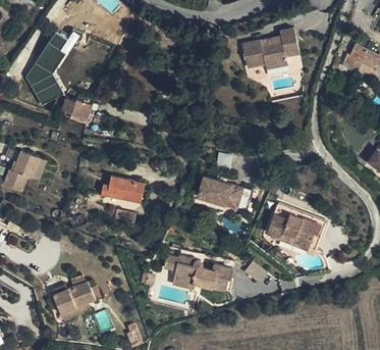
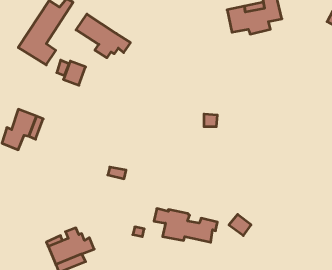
building: none -> [76,14,130,58]
building: [100,176,145,203] -> none
building: [197,177,254,212] -> none
building: [266,204,325,251] -> none

